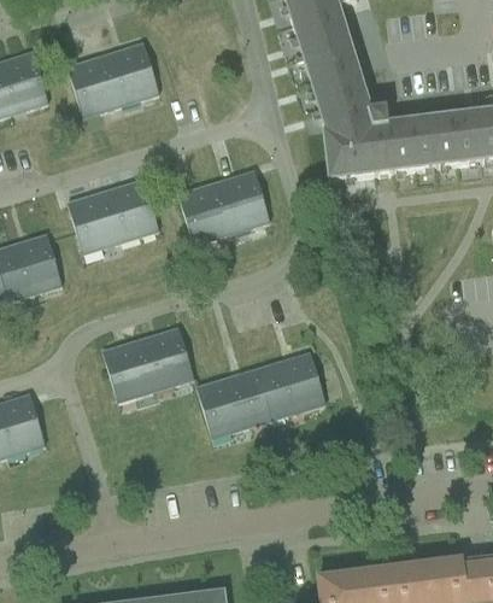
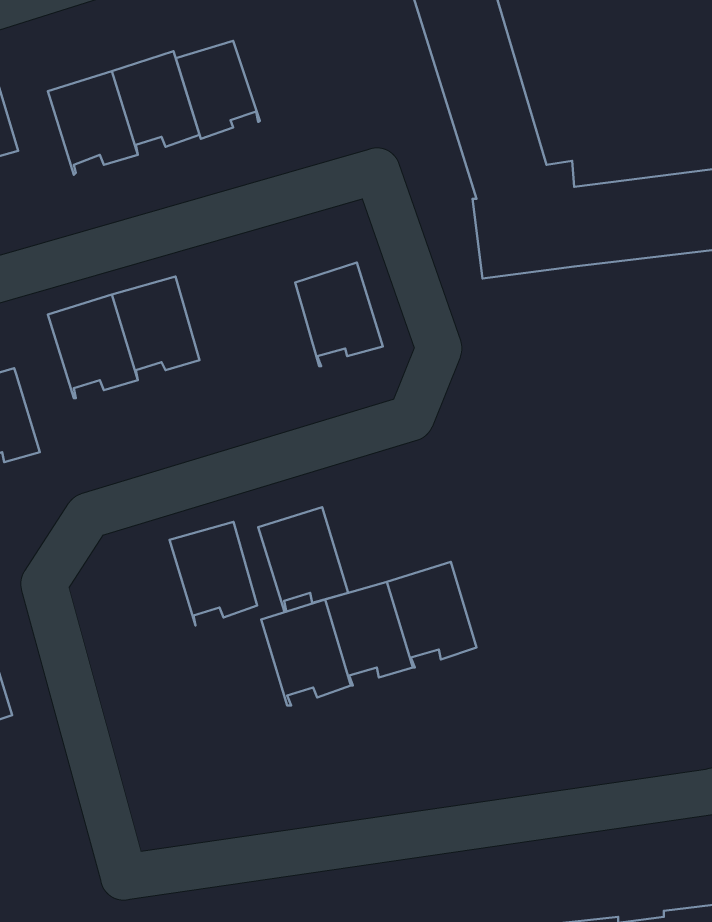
building: none -> [176,41,260,139]
building: [178,182,231,244] -> none
building: [102,338,157,400] -> [258,507,348,611]

